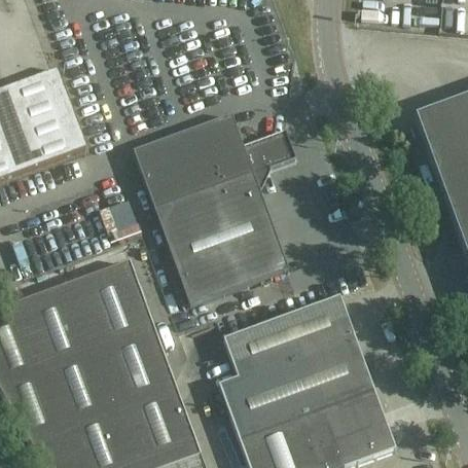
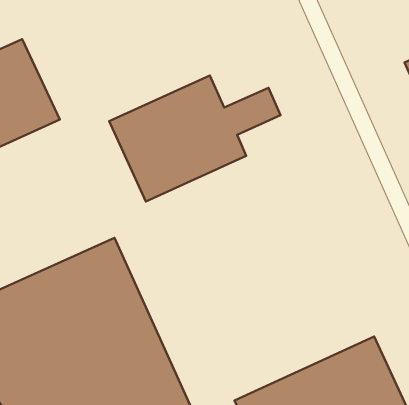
building: [161,192,287,304] -> none
building: [218,295,367,422] -> none

